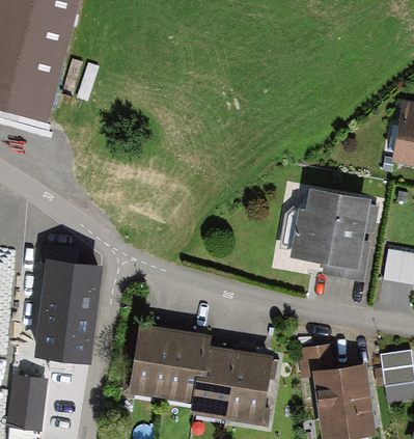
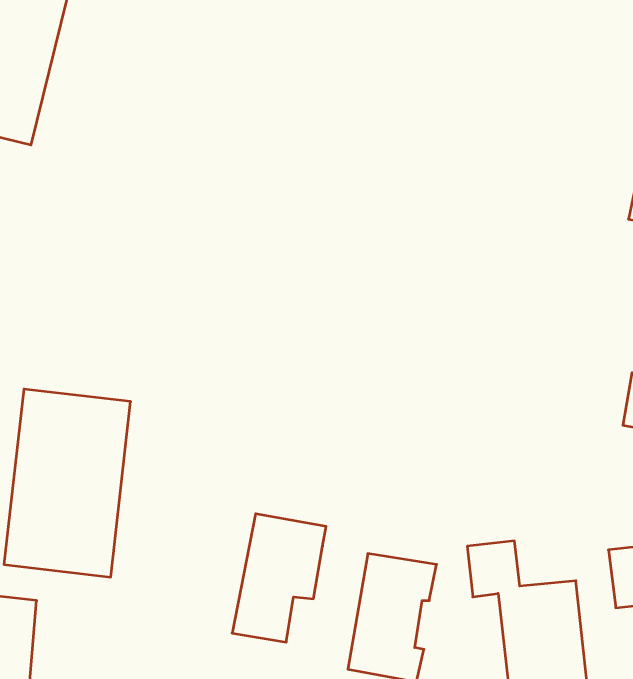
building: [287,188,382,279] -> none
building: [120,323,175,399] -> none
building: [192,349,240,419] -> none

